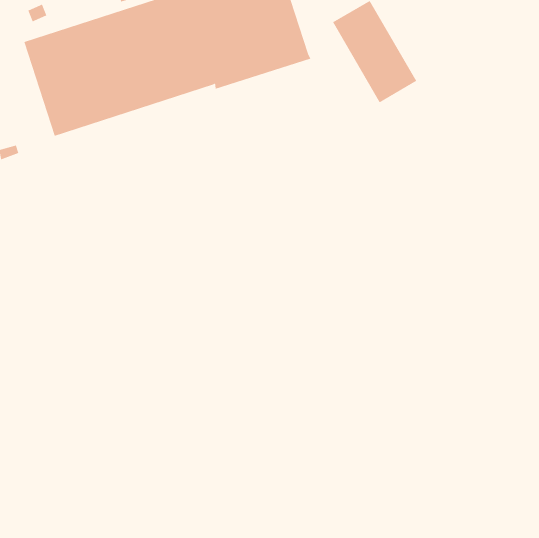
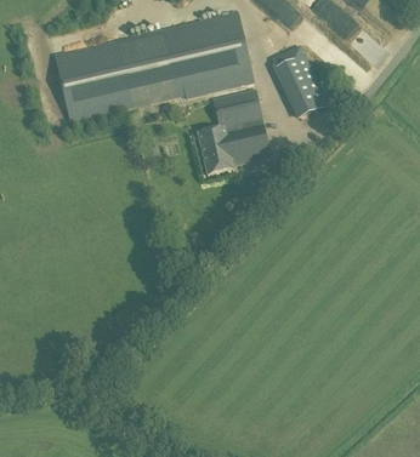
building: none -> [197,88,269,175]

